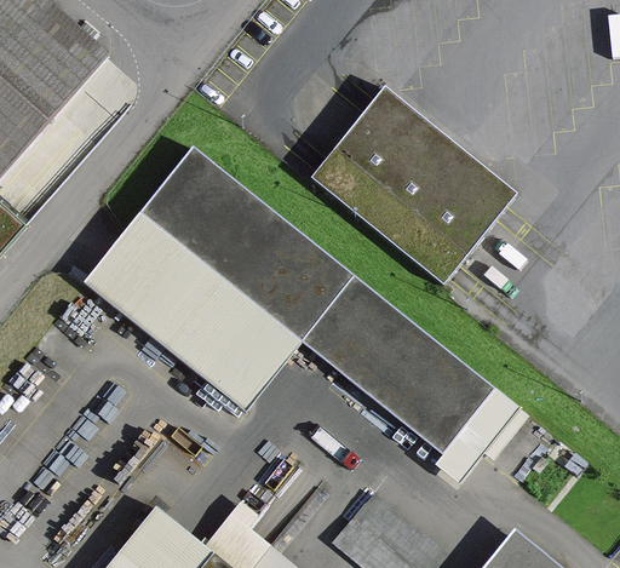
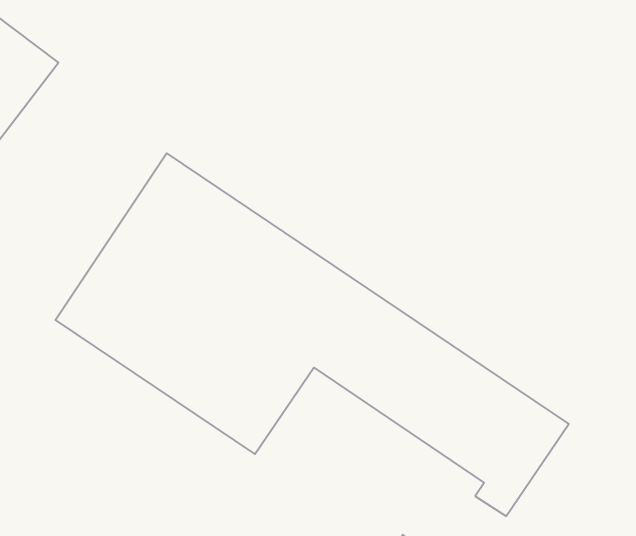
building: [314,88,518,286] -> none

